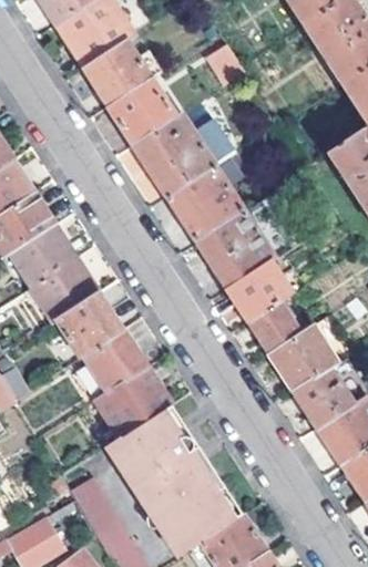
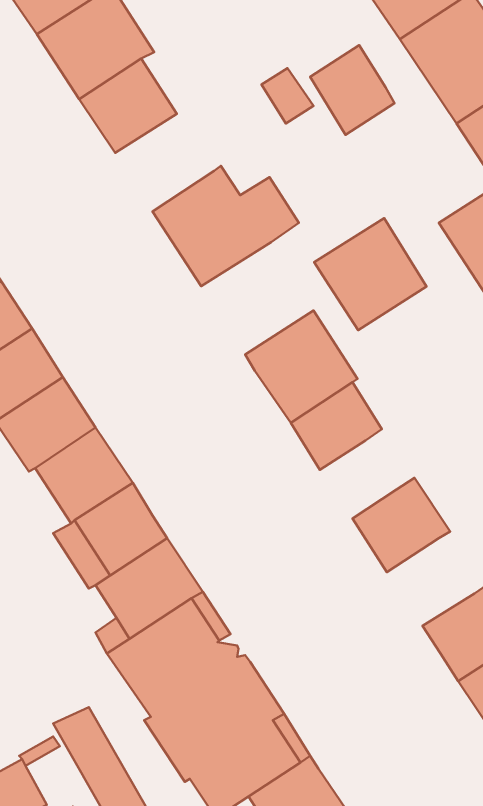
building: none -> [310,45,394,135]
building: [110,79,177,145] -> none
building: [168,166,245,243] -> [314,218,426,330]
building: [249,301,301,354] -> none
building: [295,368,355,427] -> none

